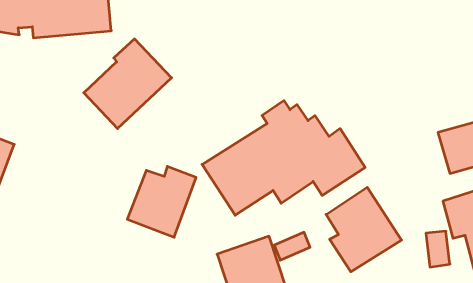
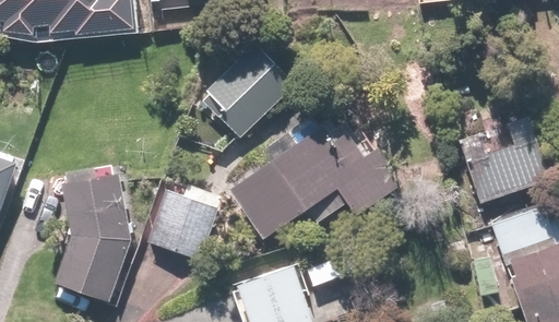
building: [84,39,172,129] -> [199,39,295,138]
building: none -> [55,163,131,301]
building: [326,187,402,272] -> none

